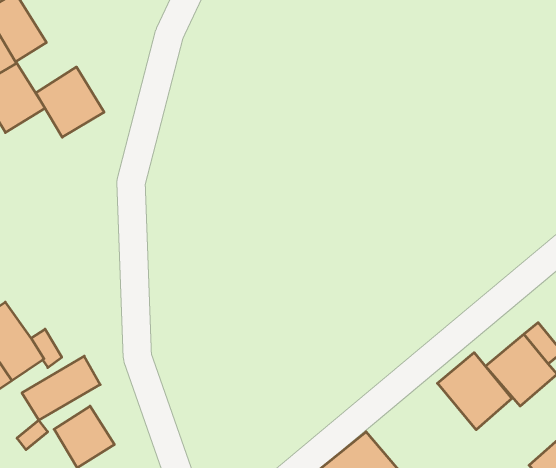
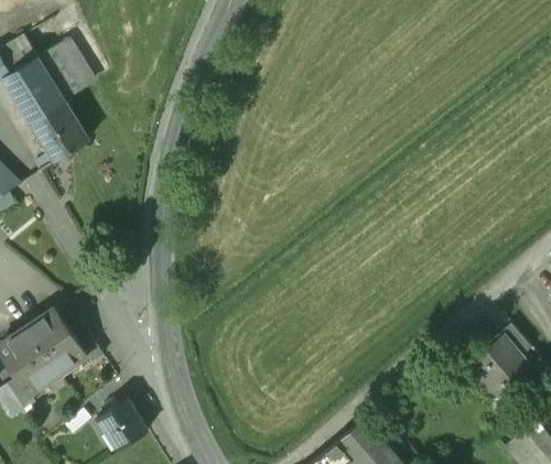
building: [36,67,104,137] -> none
building: [437,353,512,430] -> none
building: [22,356,100,420] -> none

